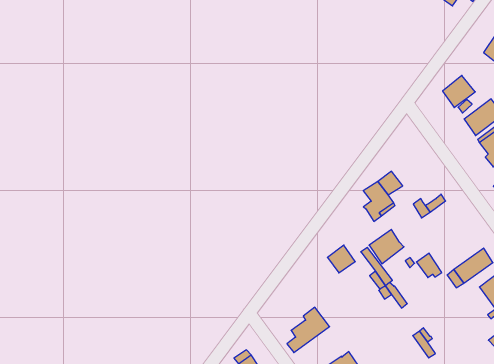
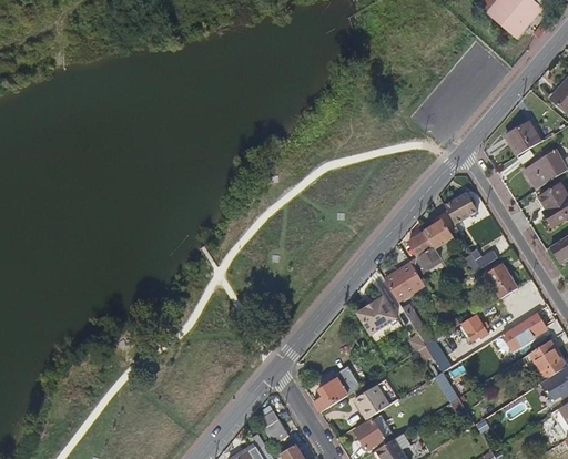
building: none -> [445,192,477,223]
building: none -> [486,265,514,298]
building: [369,229,404,264] -> [385,259,423,296]
building: none -> [354,384,389,417]

